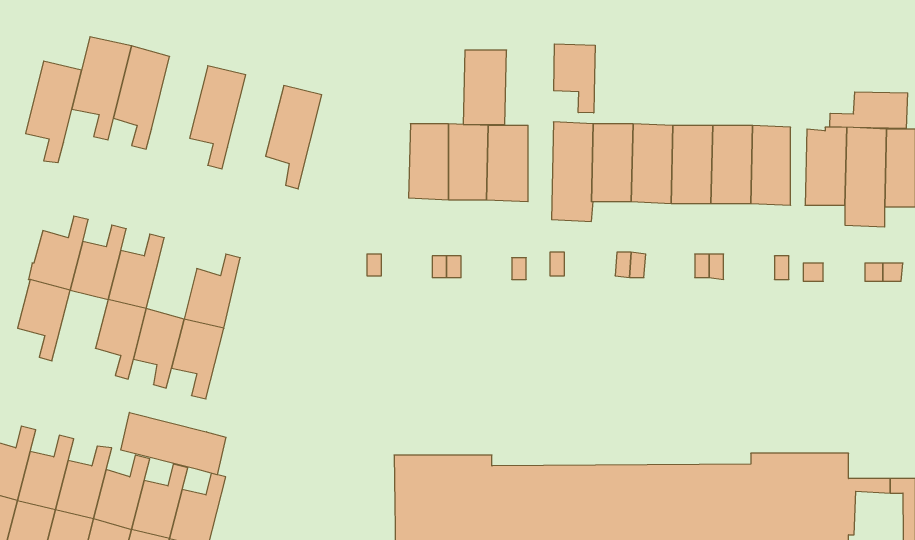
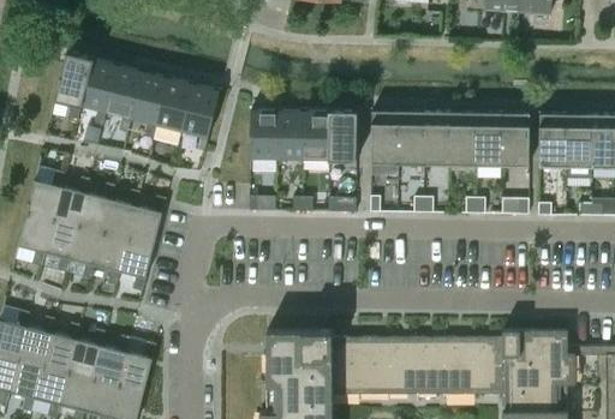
building: [554,44,595,113] -> none
building: [463,50,507,124] -> [249,110,277,160]
building: [26,61,82,163] -> [106,66,143,133]
building: none -> [156,78,193,146]
building: [830,92,908,128] -> none
building: none -> [102,191,139,240]
building: none -> [43,221,77,274]
building: [121,412,226,475] -> none

